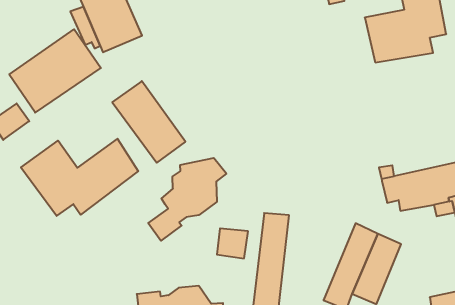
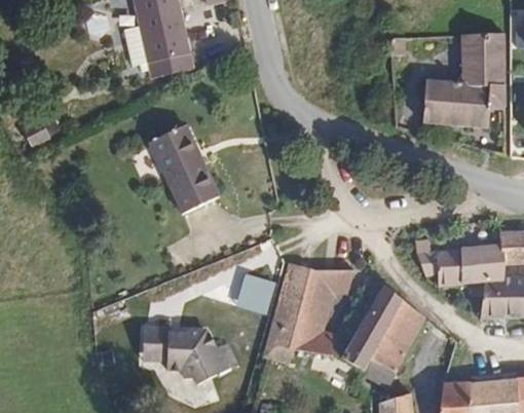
building: [9,29,101,113] -> none
building: [21,139,138,216] -> none
building: [148,158,226,241] -> none
building: none -> [293,271,353,366]

